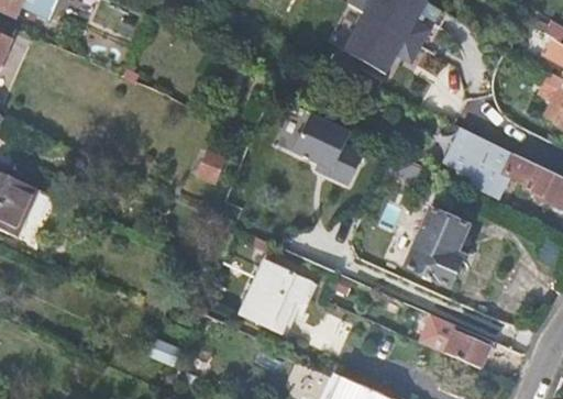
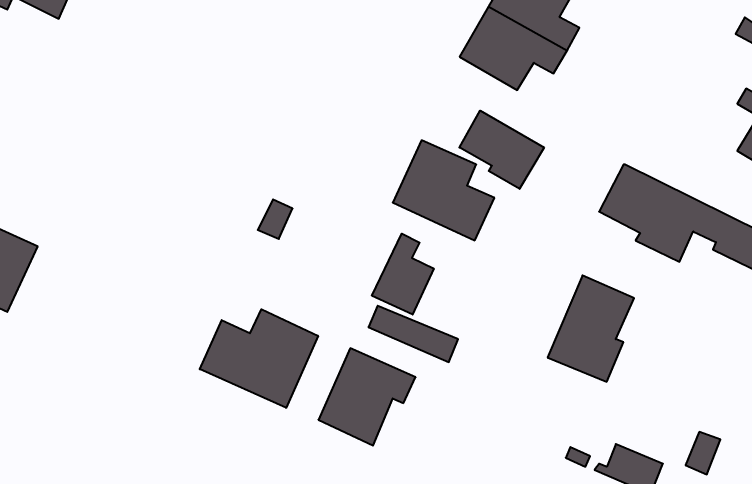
building: none -> [459,111,544,189]
building: none -> [372,234,434,315]
building: none -> [200,309,318,408]

